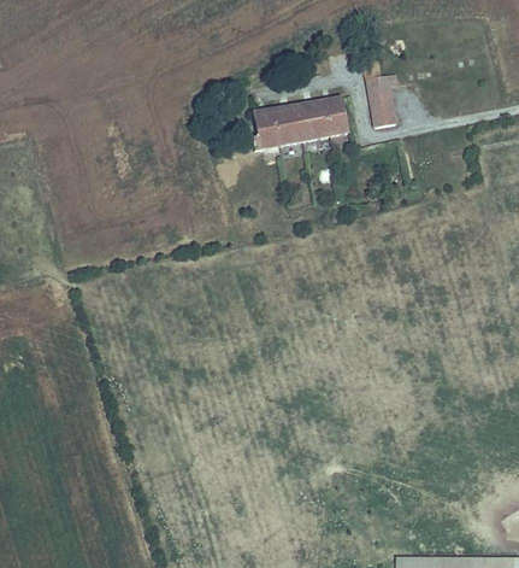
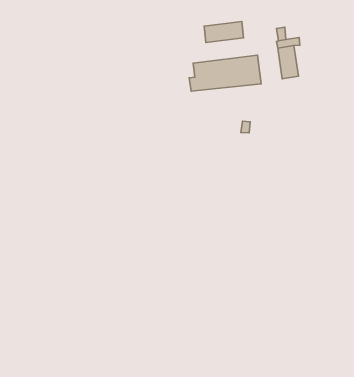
building: none -> [204,22,243,42]

